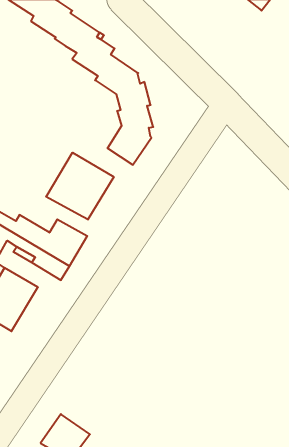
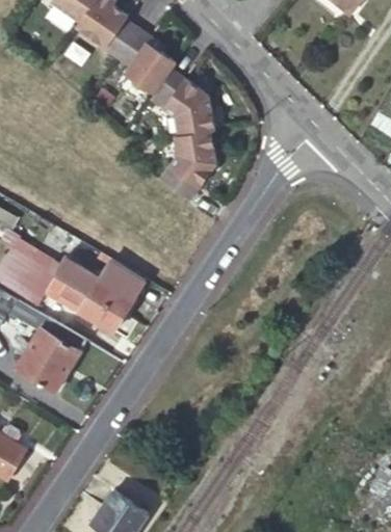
building: [46,153,114,220] -> none

